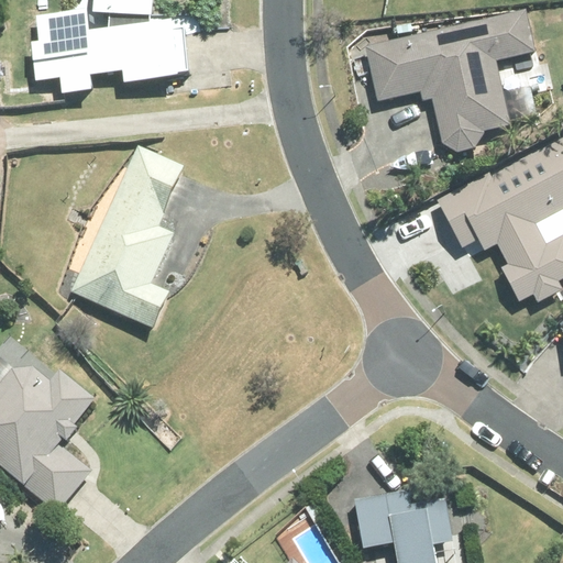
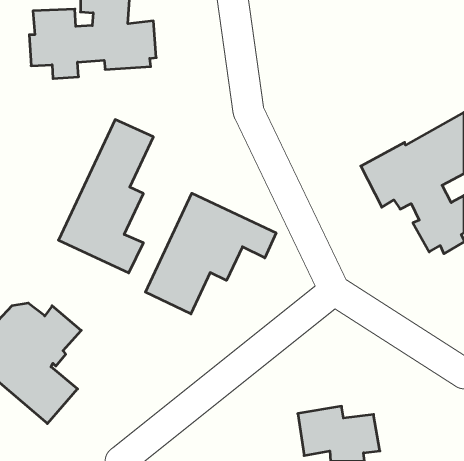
building: [363,11,531,155] -> none
building: none -> [145,193,276,314]

